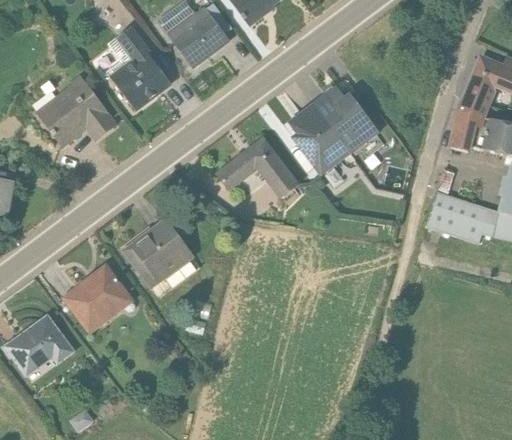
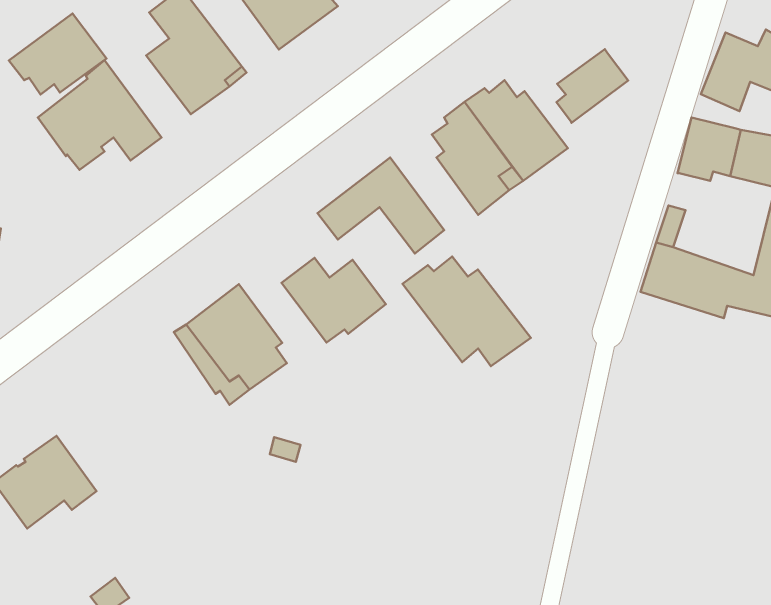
building: none -> [9,14,107,94]
building: none -> [556,49,628,123]
building: none -> [402,256,531,366]
building: none -> [281,258,386,342]
building: [65,269,133,333] -> none

